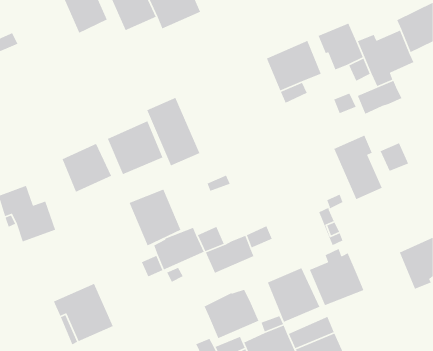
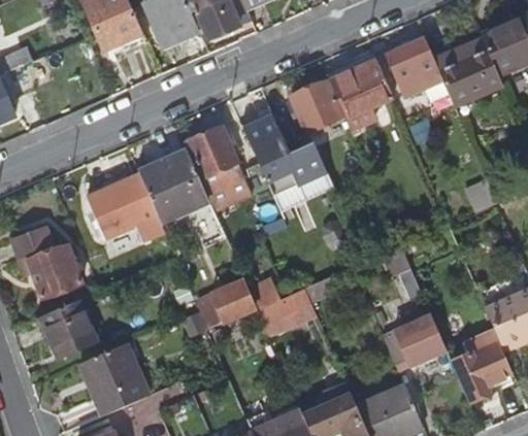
building: none -> [291,79,340,131]
building: [357,80,402,115] -> none
building: none -> [243,112,326,195]
building: [333,135,383,200] -> none
building: [128,188,182,246] -> none
building: none -> [41,300,97,358]
building: [267,267,320,323] -> none
building: none -> [453,344,512,402]
building: [204,289,259,339] -> none

